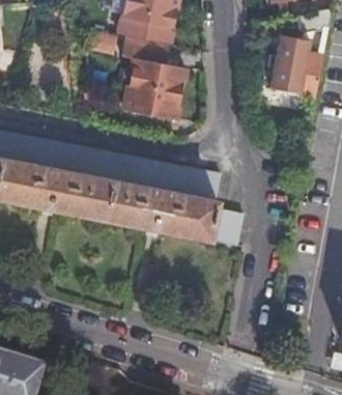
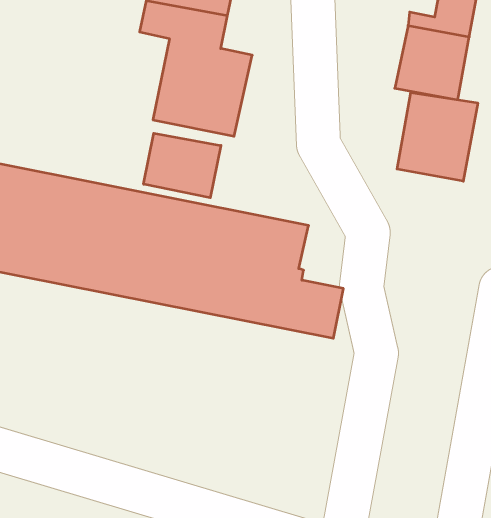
building: none -> [397,93,478,181]
building: none -> [144,133,221,198]

